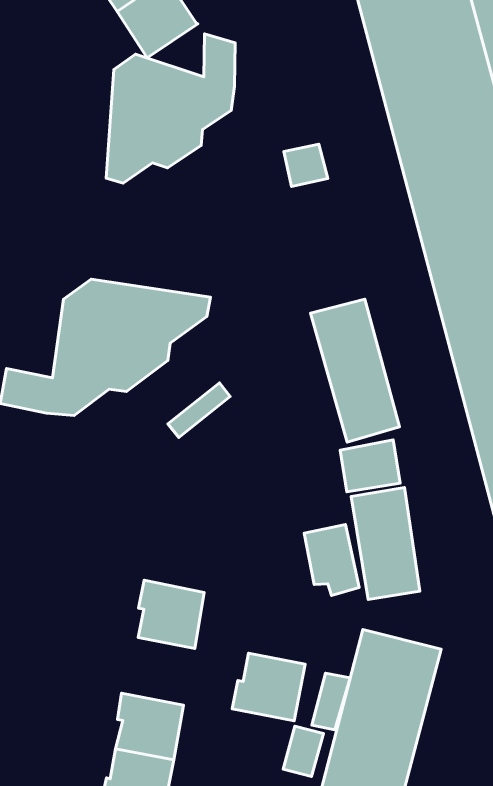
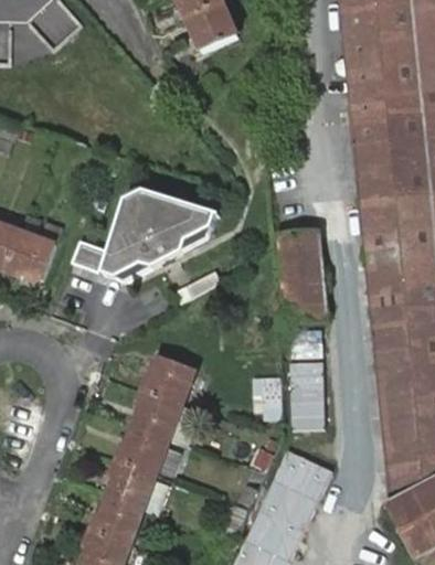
building: [106,34,235,183] -> none
building: none -> [145,355,195,404]
building: [232,653,305,721] -> [118,426,170,475]

